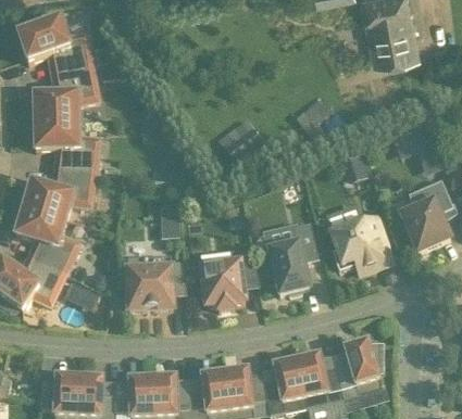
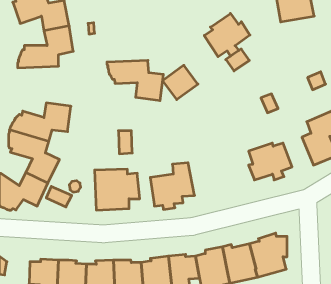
building: none -> [204,13,250,57]
building: [25,119,100,173] -> [107,60,163,101]
building: [269,221,317,295] -> none

